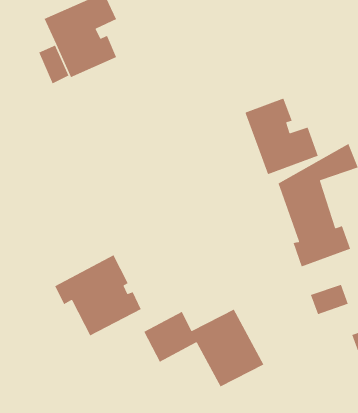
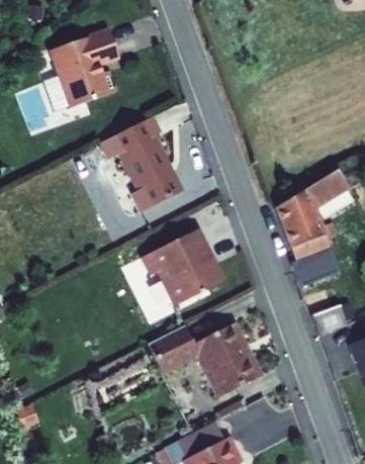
building: none -> [103,114,186,210]
building: [244,98,319,175] -> none
building: [54,254,142,337] -> [143,227,224,304]

